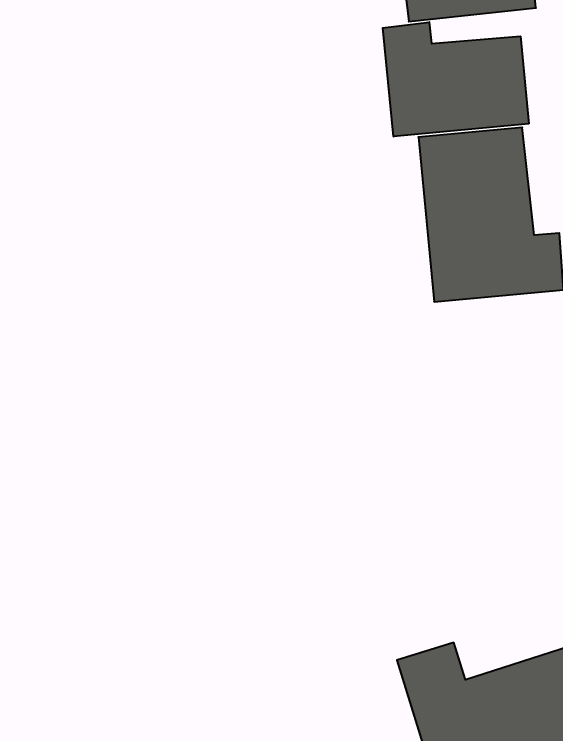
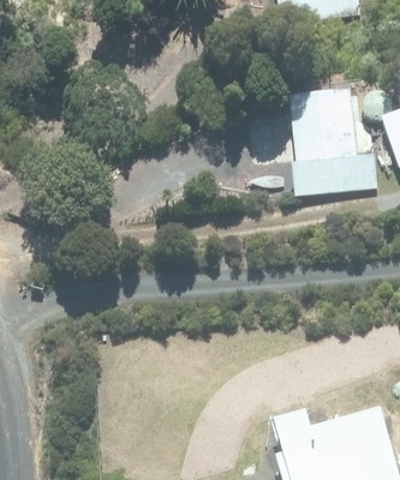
building: [383,22,529,137] -> none

